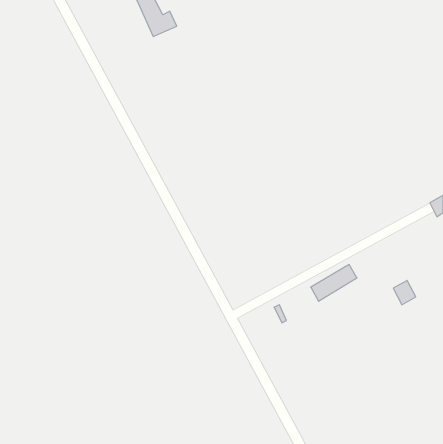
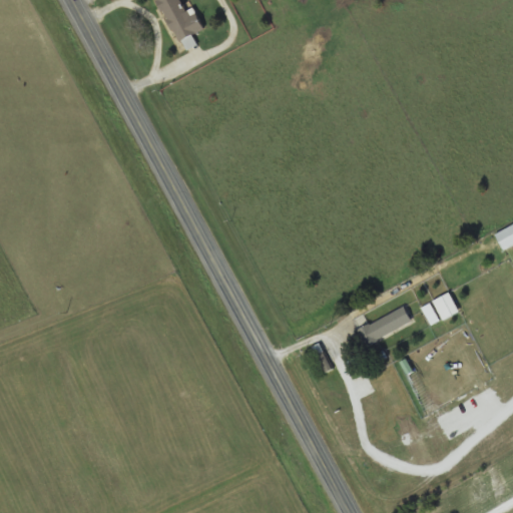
building: [393,280,416,305] -> [432,292,458,320]

